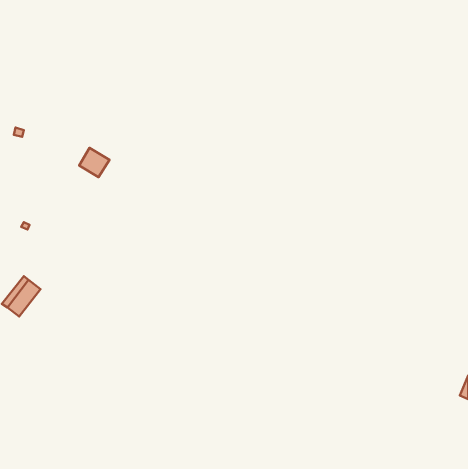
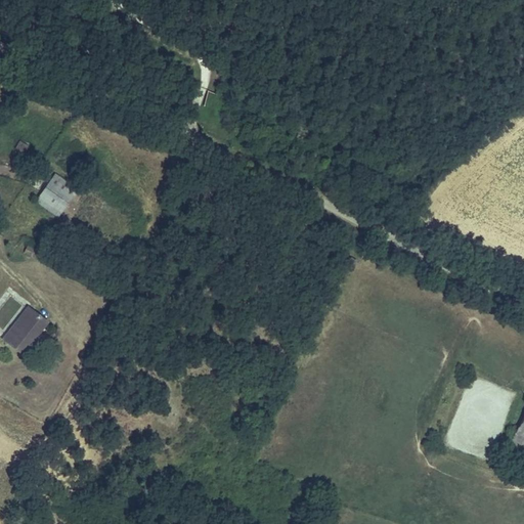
building: [79,148,110,177] -> [41,176,75,209]

